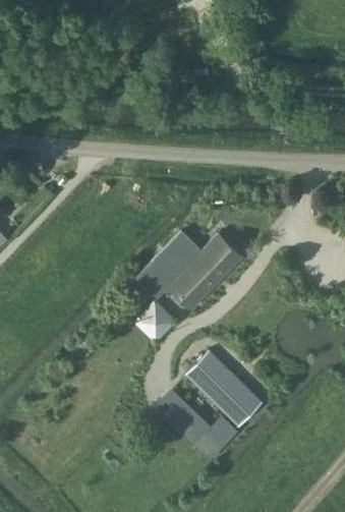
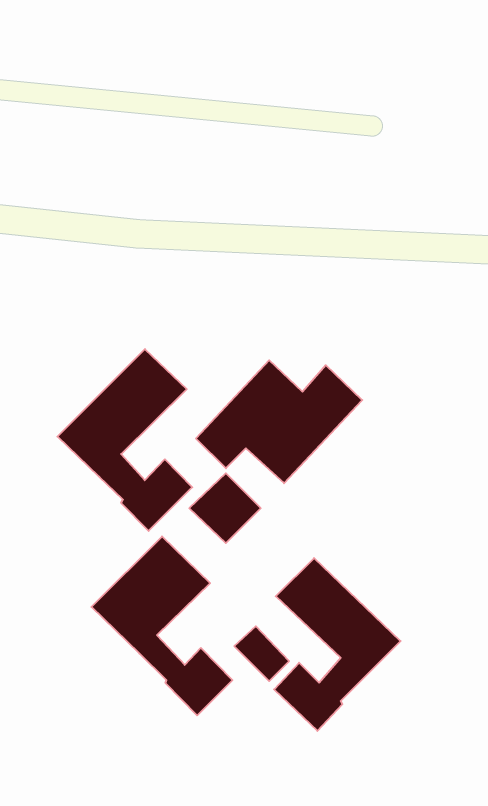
building: none -> [57,349,192,531]
building: none -> [91,536,232,715]

